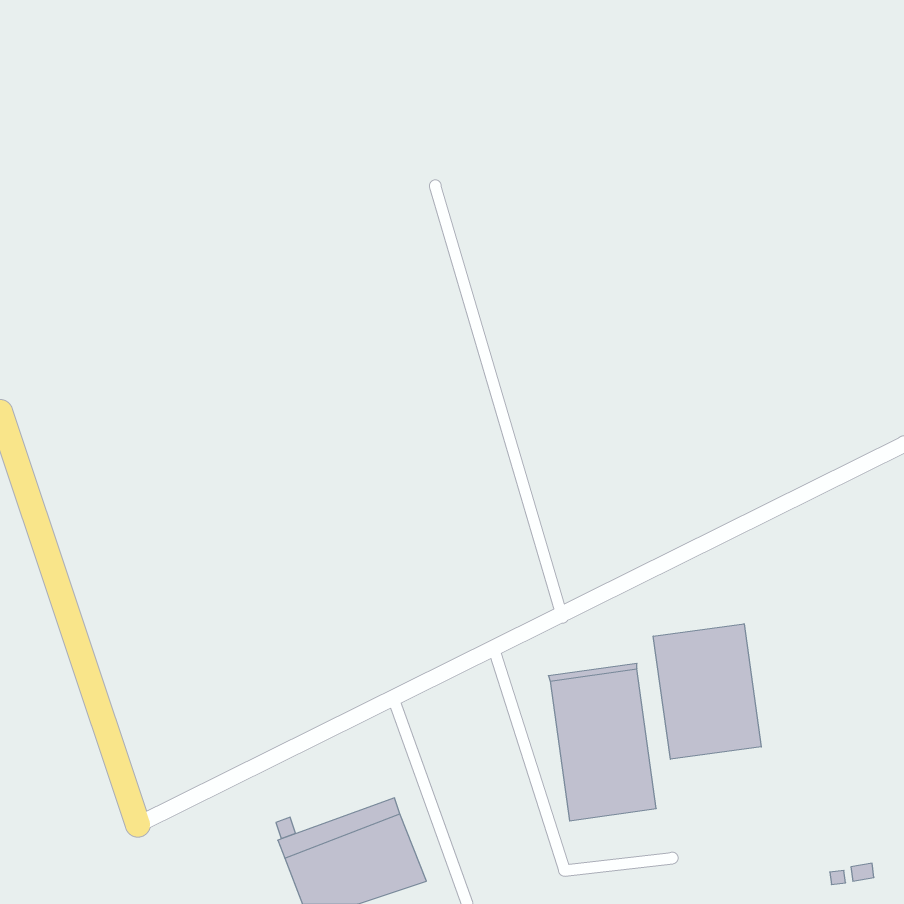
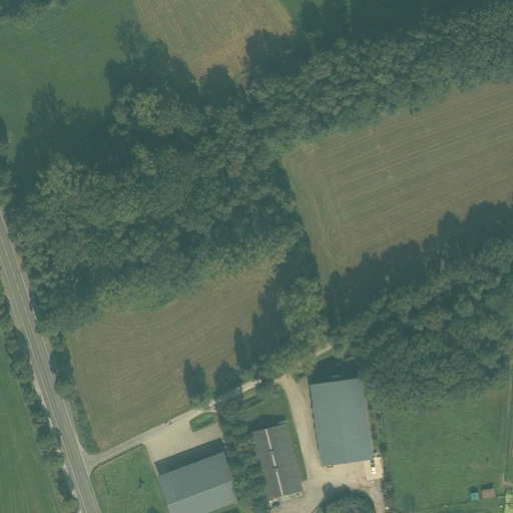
building: [653,624,761,759] -> none
building: none -> [246,425,303,500]

